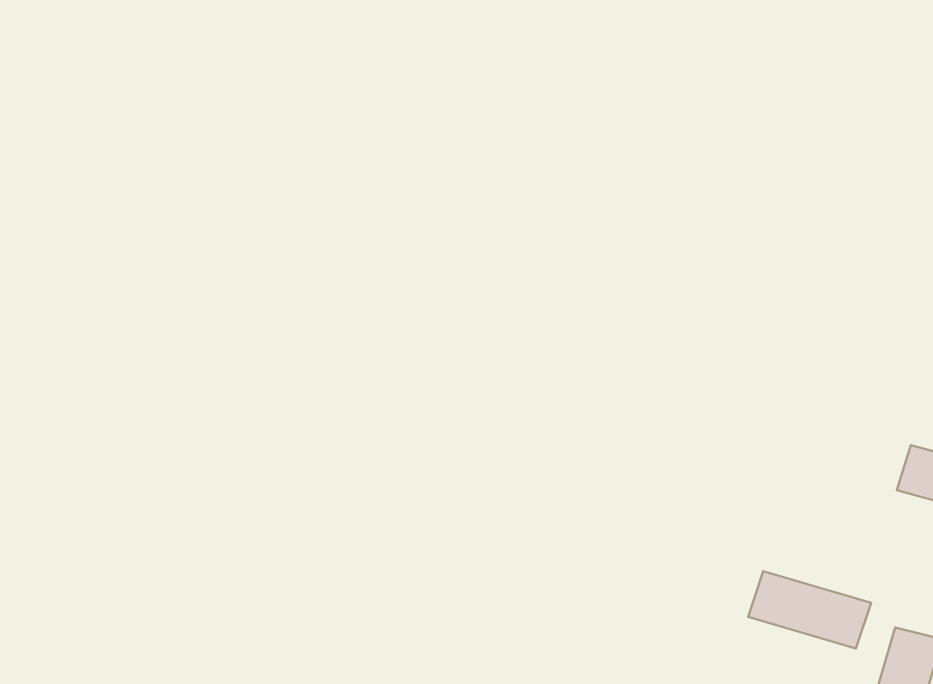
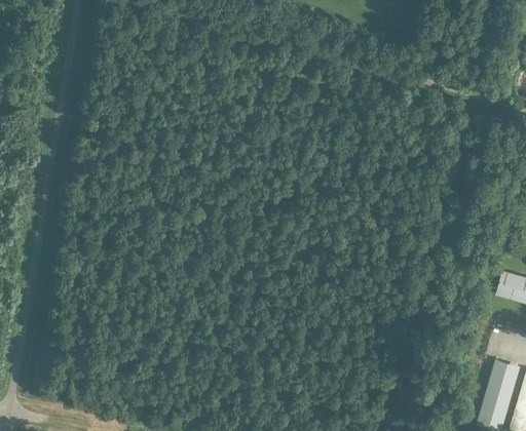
building: [748,571,871,648] -> none

